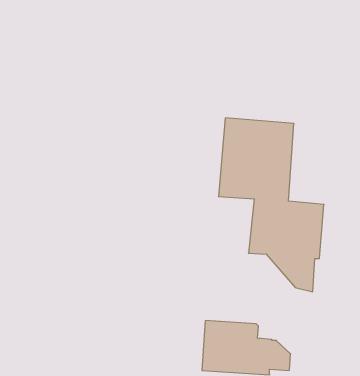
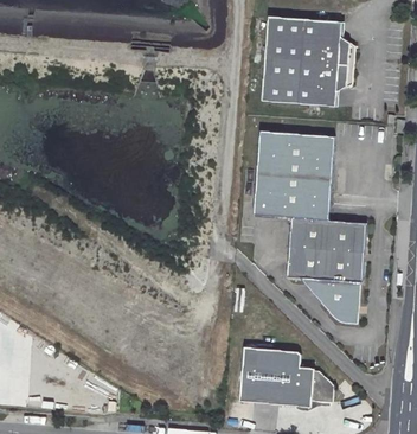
building: none -> [261,14,354,106]

